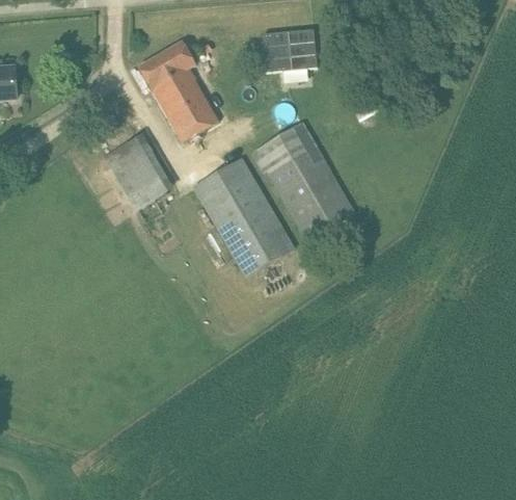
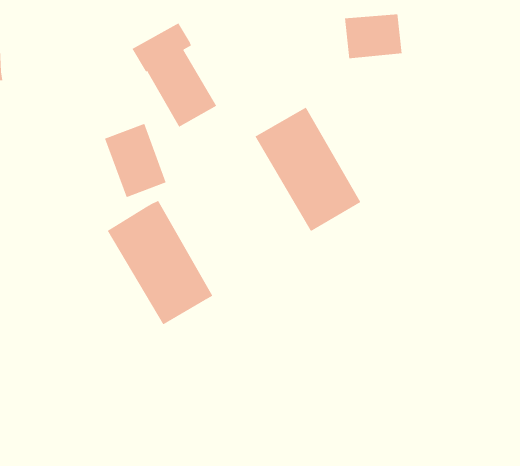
building: [262,29,317,72] -> [344,14,402,59]
building: [192,157,293,275] -> [107,200,213,325]

